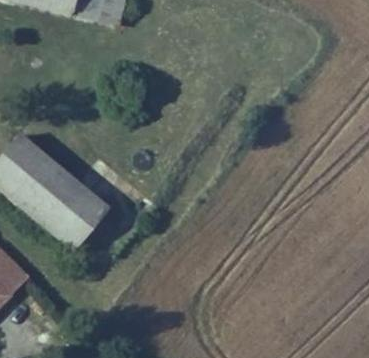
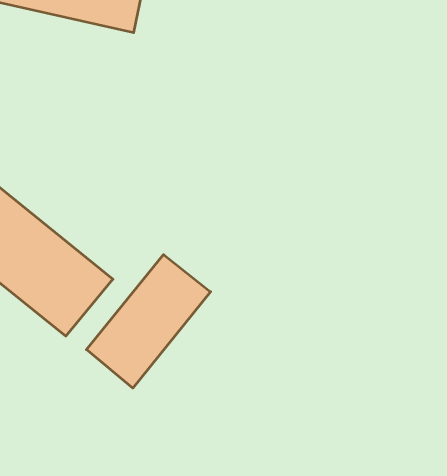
building: none -> [86,255,211,388]

